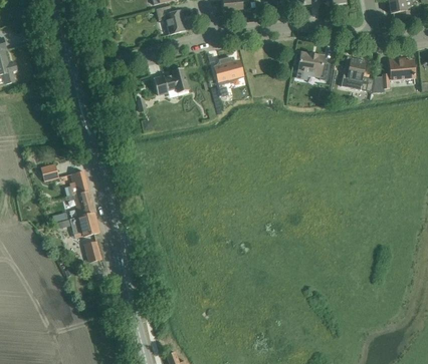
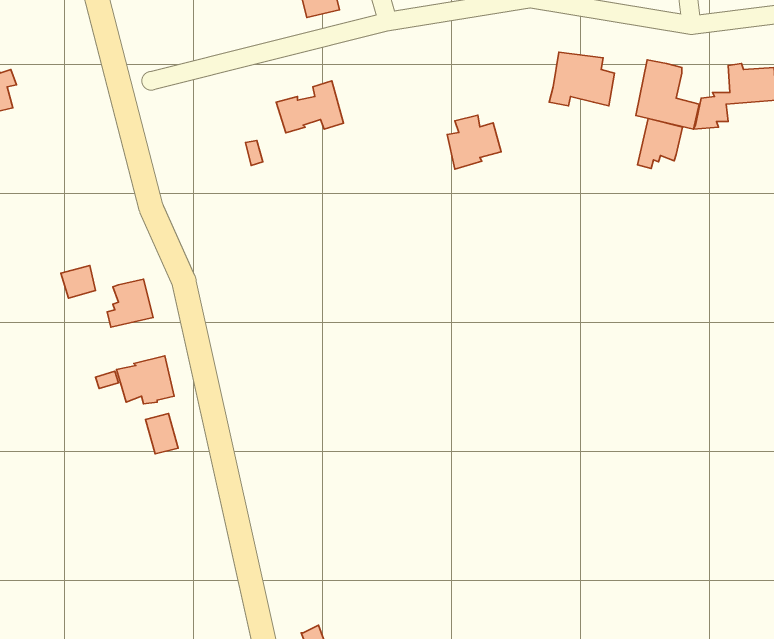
building: [214,56,242,84] -> [447,115,501,169]
building: none -> [638,118,682,168]
building: [64,191,94,215] -> none

